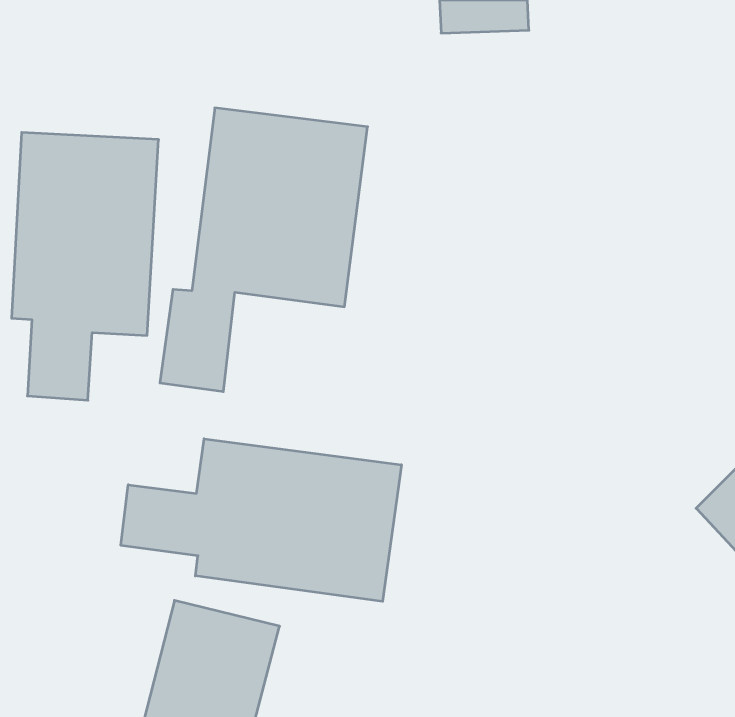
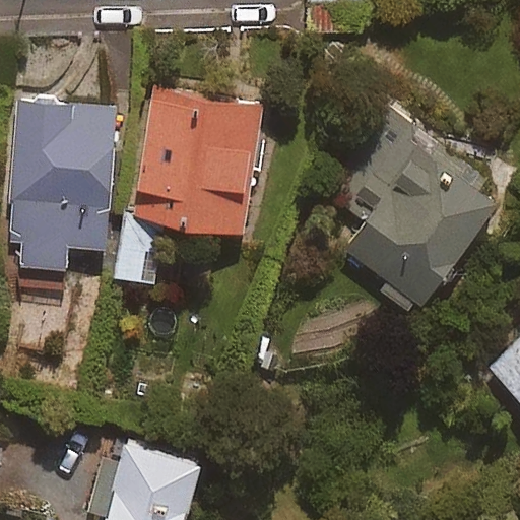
building: none -> [338,117,501,317]
building: [121,439,401,601] -> none

